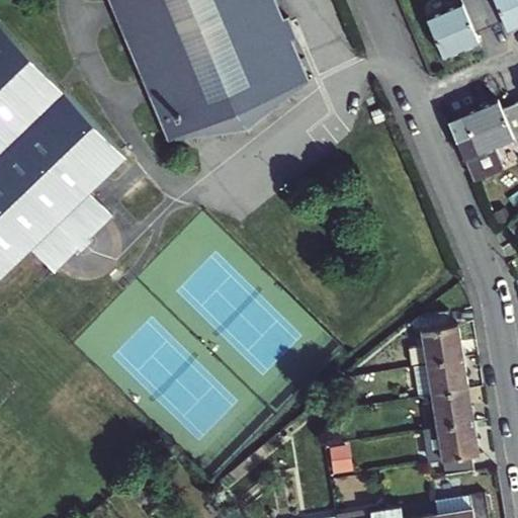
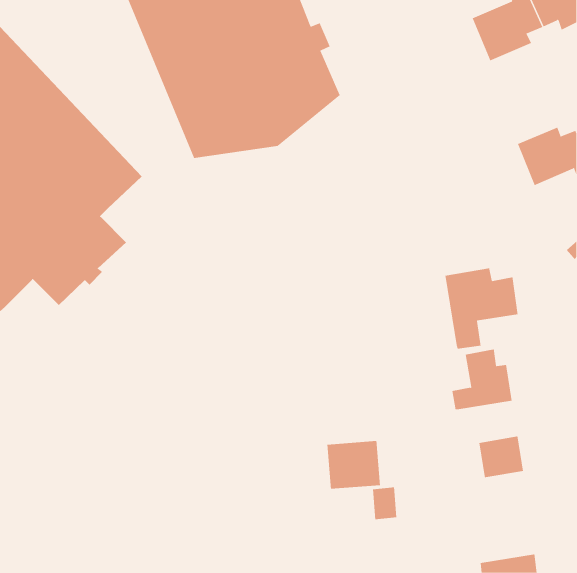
building: none -> [445,267,518,350]
building: [409,358,463,398] -> none
building: none -> [327,440,381,489]
building: [433,421,474,477] -> none

